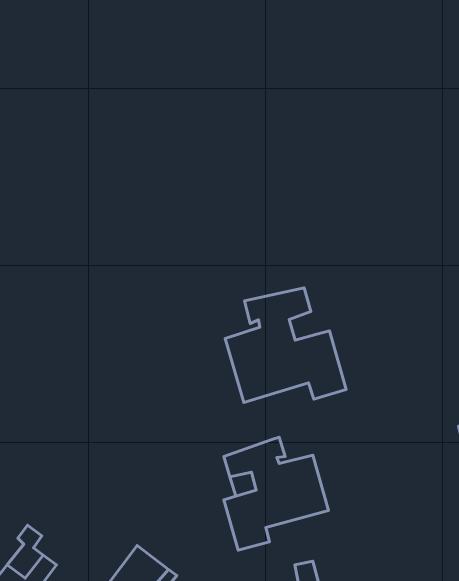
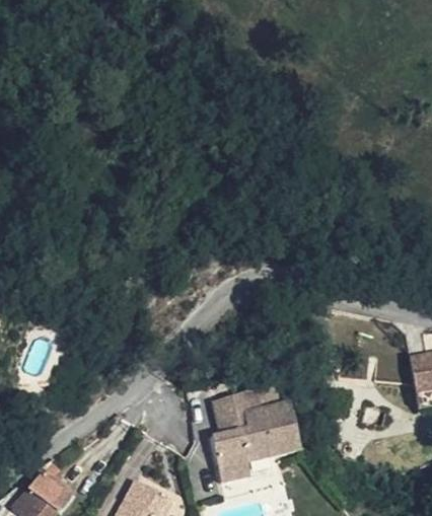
building: [225,288,346,403] -> none

